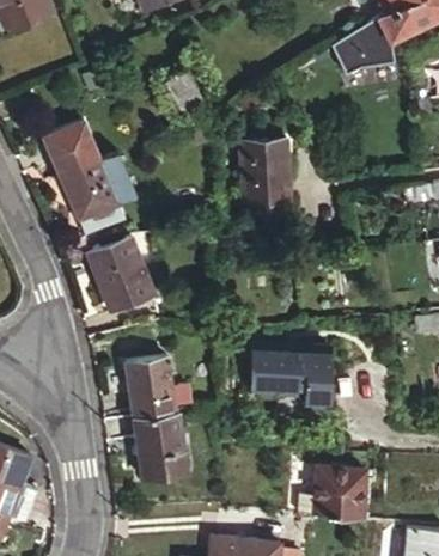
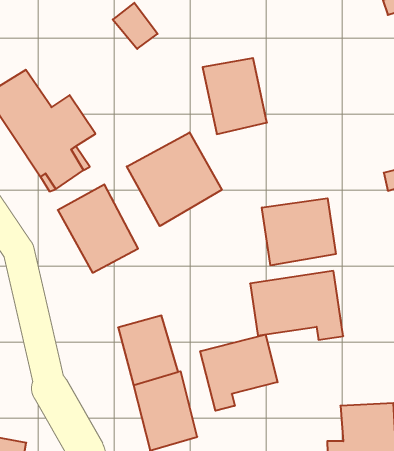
building: none -> [127,132,222,226]
building: none -> [262,198,336,265]
building: none -> [200,335,278,411]

